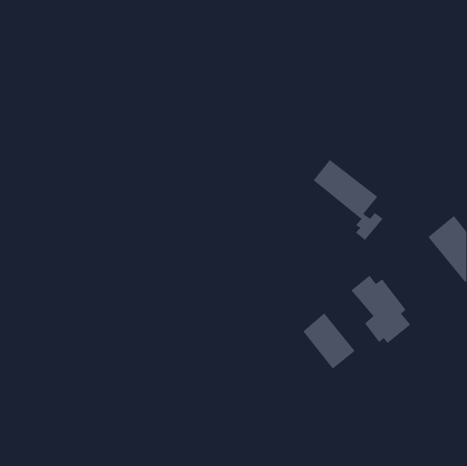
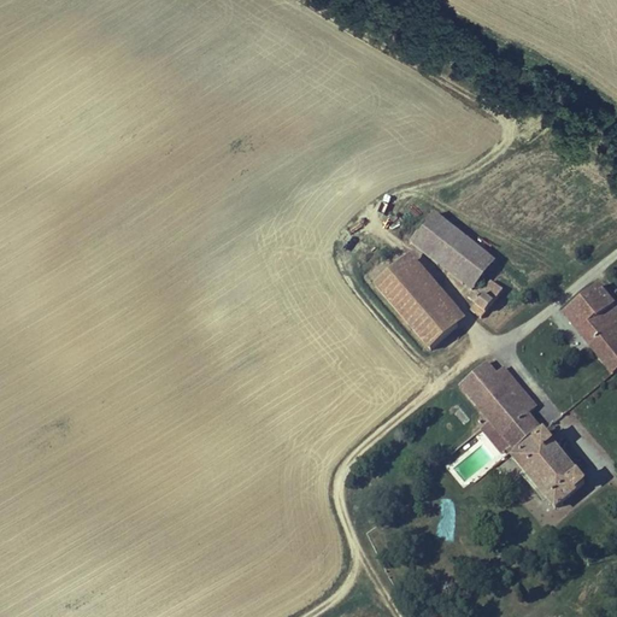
building: none -> [374,255,458,346]
building: [302,312,356,369] -> [515,429,584,504]

